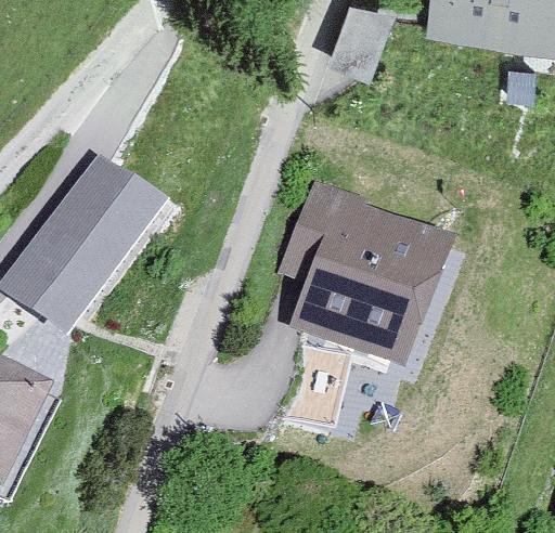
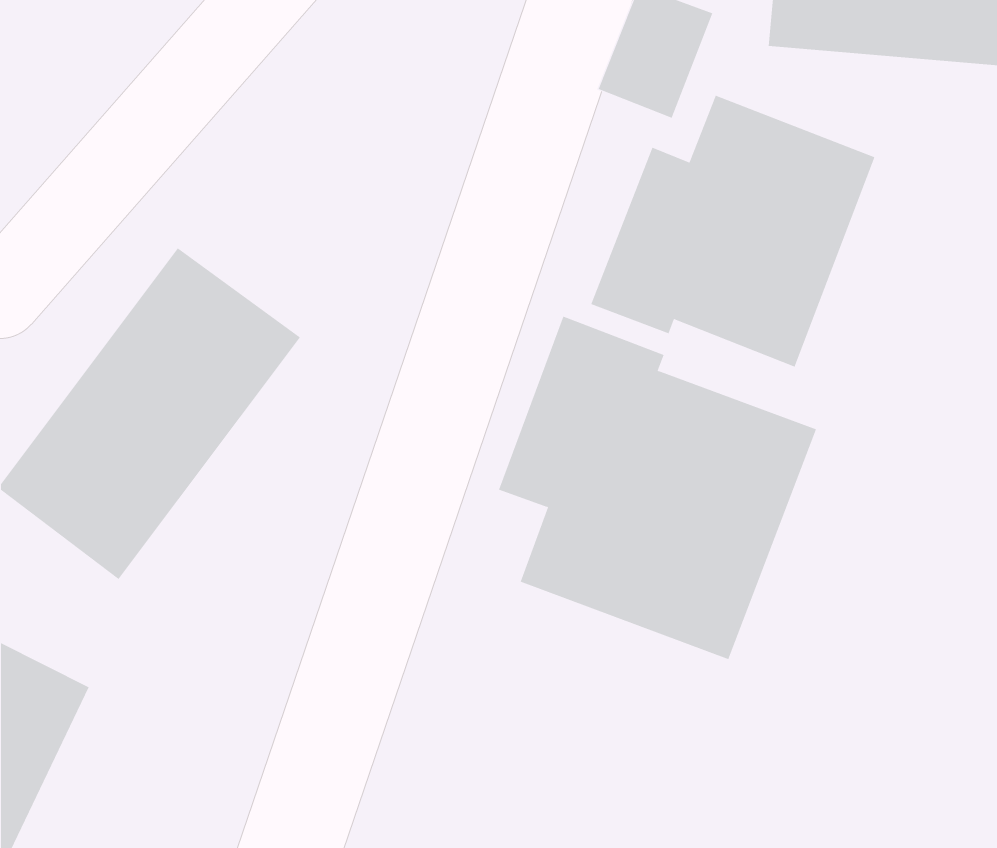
building: none -> [591,95,875,367]

